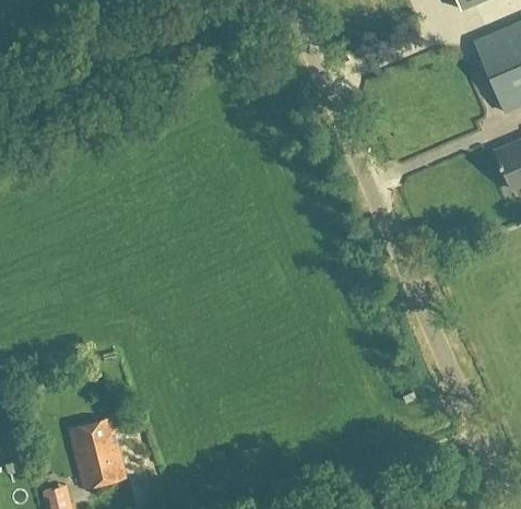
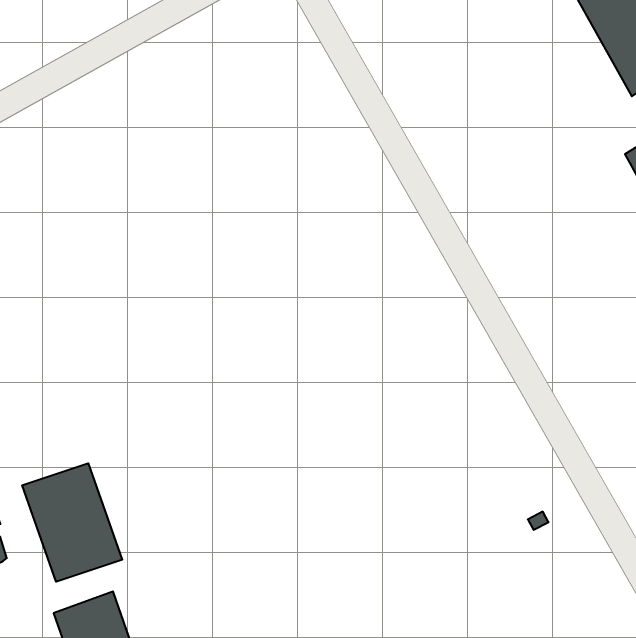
building: none -> [22,463,122,582]

